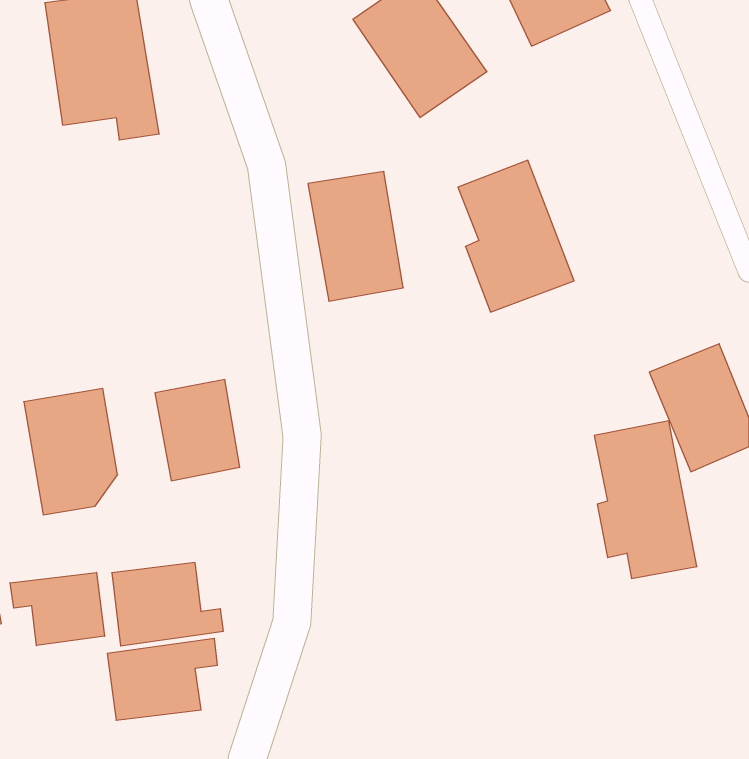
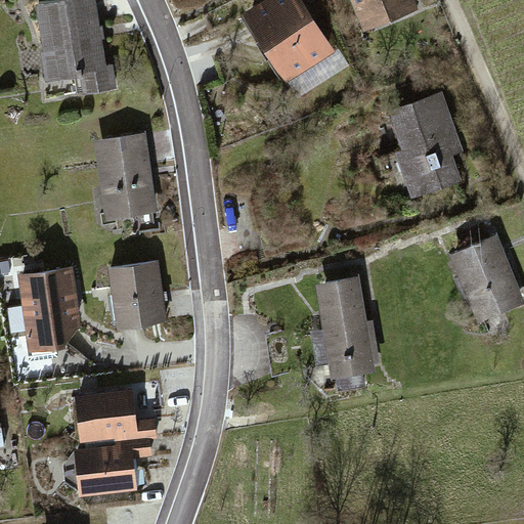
building: [458,160,574,312] -> [389,94,469,199]
building: [308,172,403,301] -> [93,134,159,223]
building: [594,421,697,578] -> [309,272,380,381]
building: [10,572,105,646] -> none

